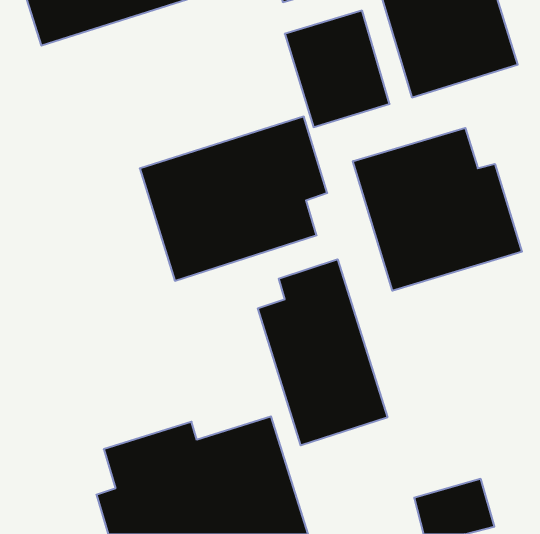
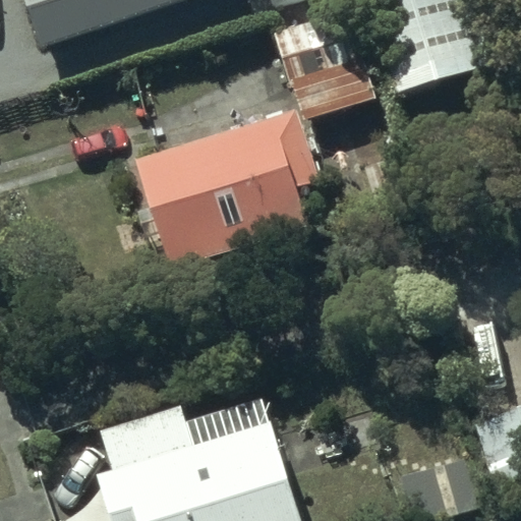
building: [353,128,522,291] -> none
building: [258,259,387,445] -> none

